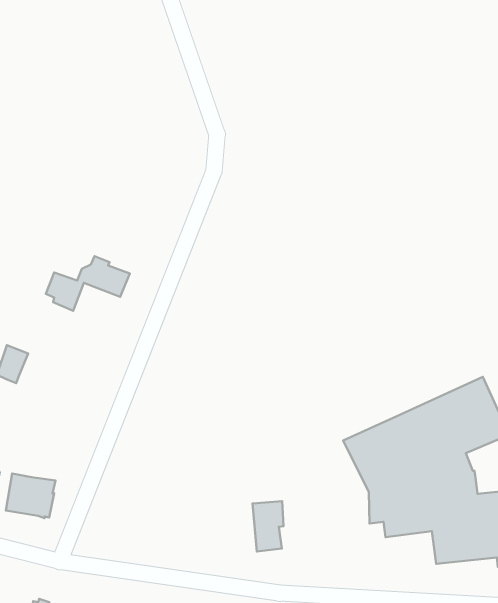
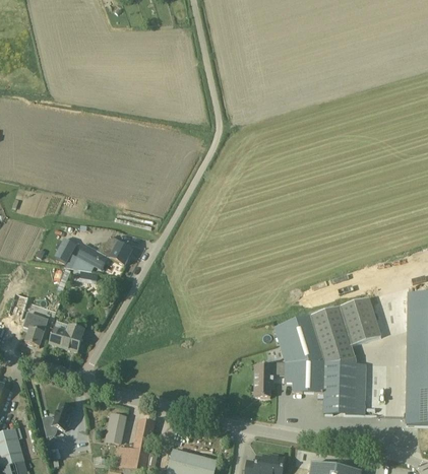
building: [46,256,130,311] -> [76,235,132,269]
building: [252,501,284,552] -> [254,364,274,396]

